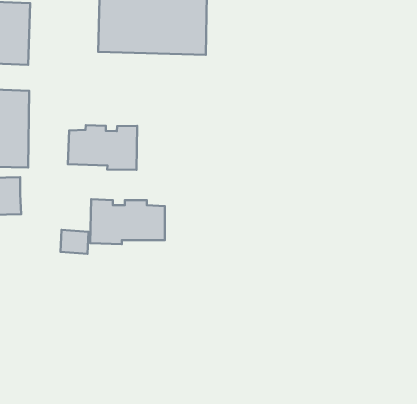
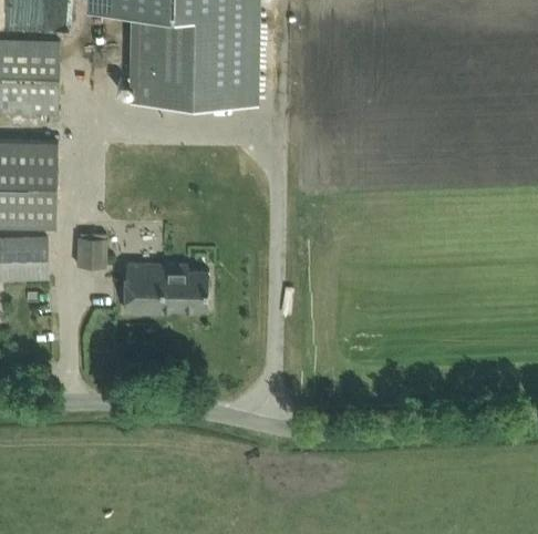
building: [68,125,137,170] -> none
building: [61,230,88,254] -> [75,240,106,267]

